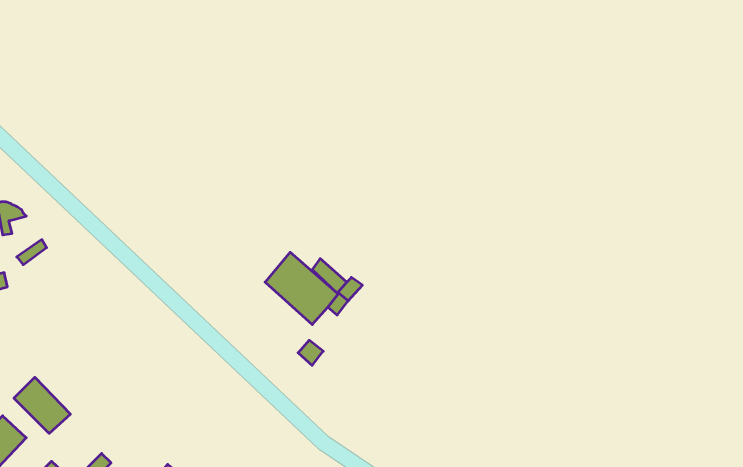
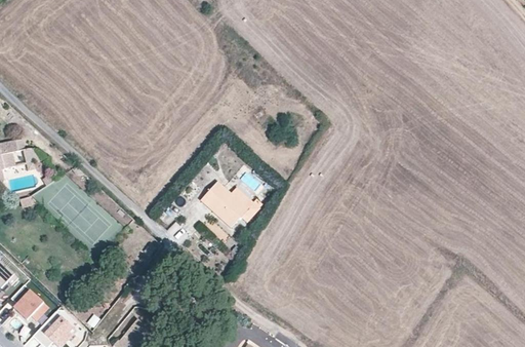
building: [14,377,70,433] -> none

